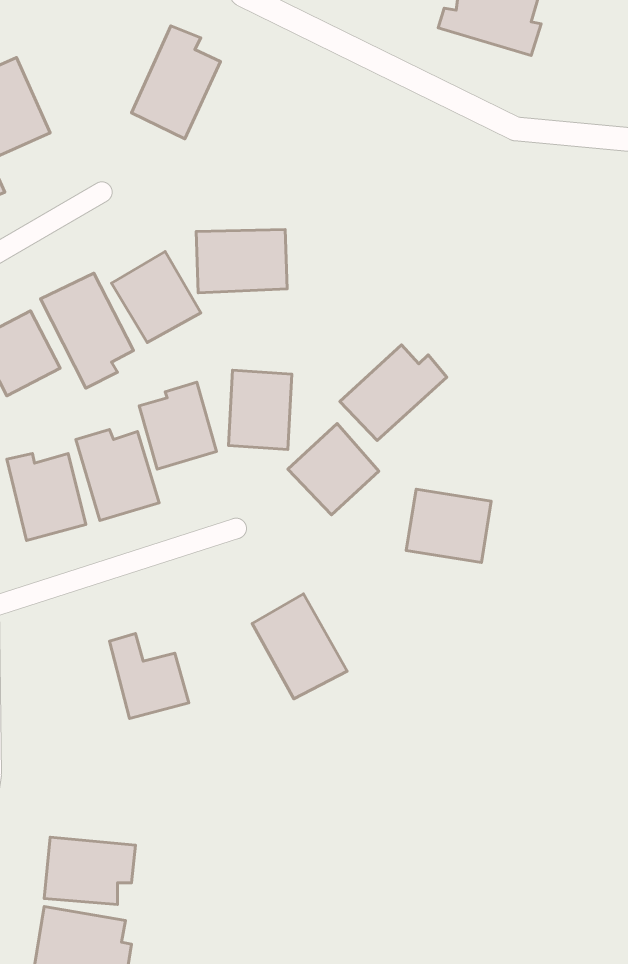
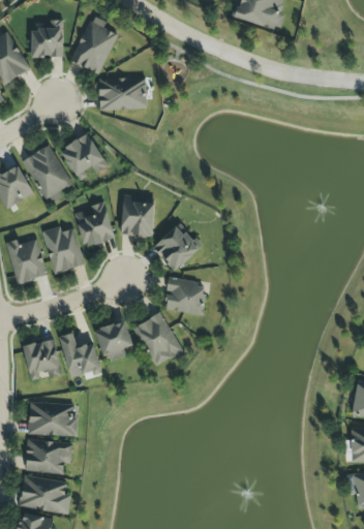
building: none -> [31,20,63,58]
building: [196,230,287,293] -> [98,77,146,111]
building: [340,345,447,440] -> none
building: [406,489,491,562] -> [163,278,208,316]
building: none -> [95,320,132,363]
building: none -> [24,340,60,380]
building: none -> [28,402,78,436]

